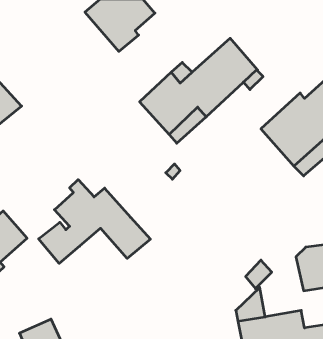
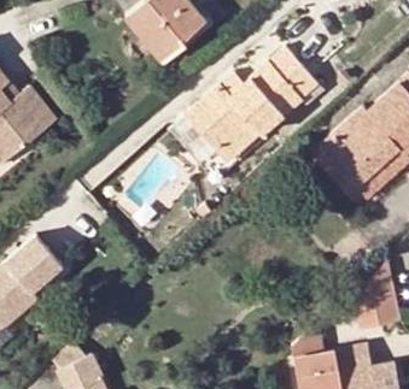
building: [39,180,150,263] -> none

